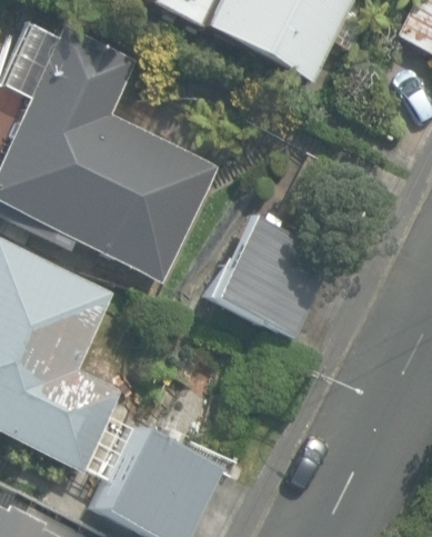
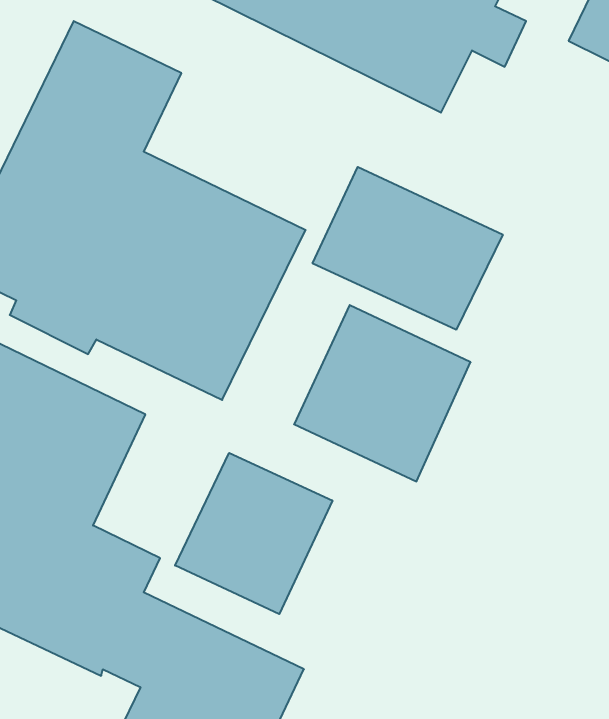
building: none -> [313,167,503,330]
building: none -> [175,453,332,614]

